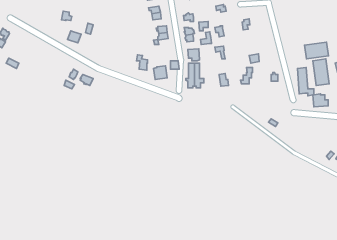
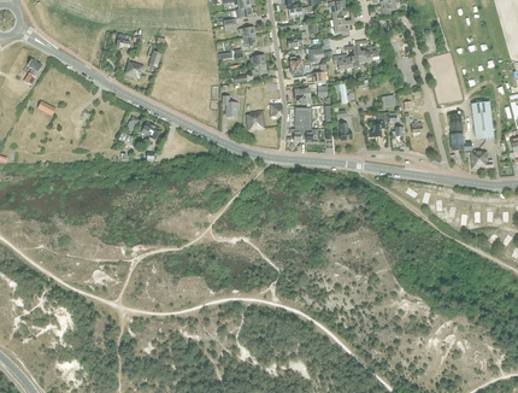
building: [305,42,328,59] -> none

